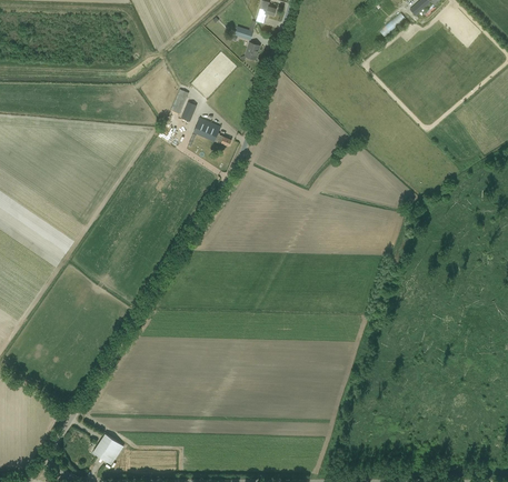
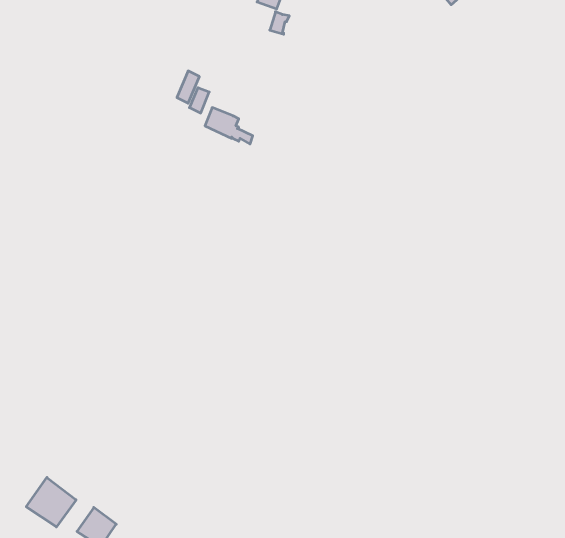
building: none -> [26,477,76,527]

